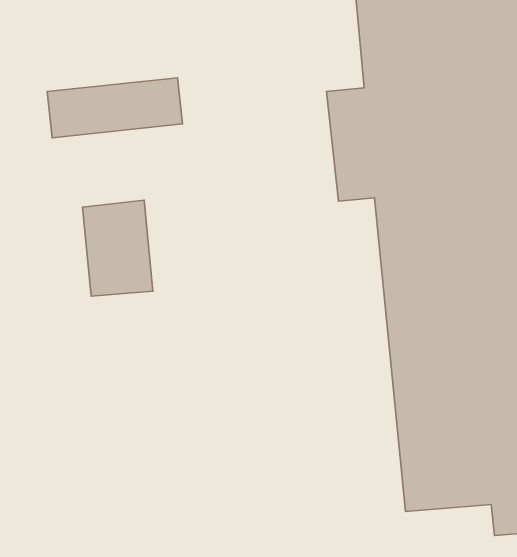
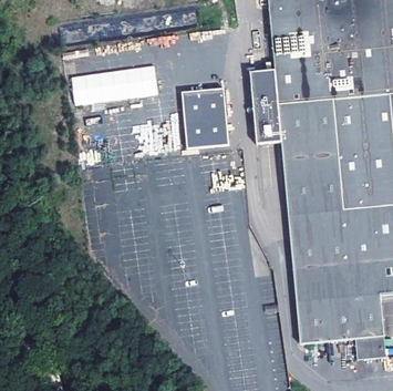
building: [83,200,153,296] -> [183,86,228,148]

